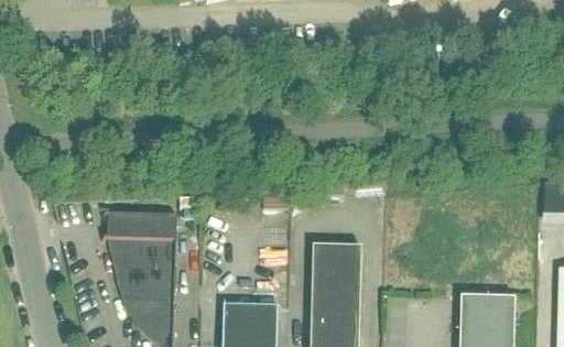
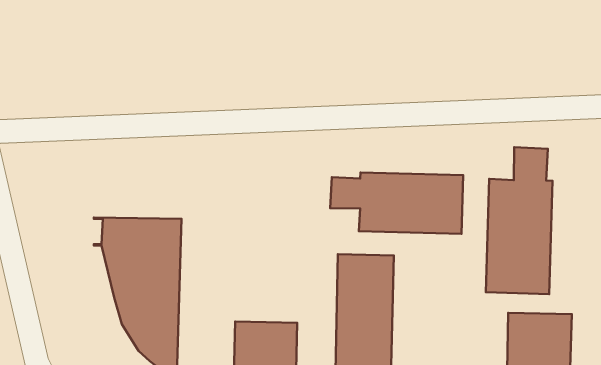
building: none -> [486,147,552,294]
building: none -> [330,172,463,234]

